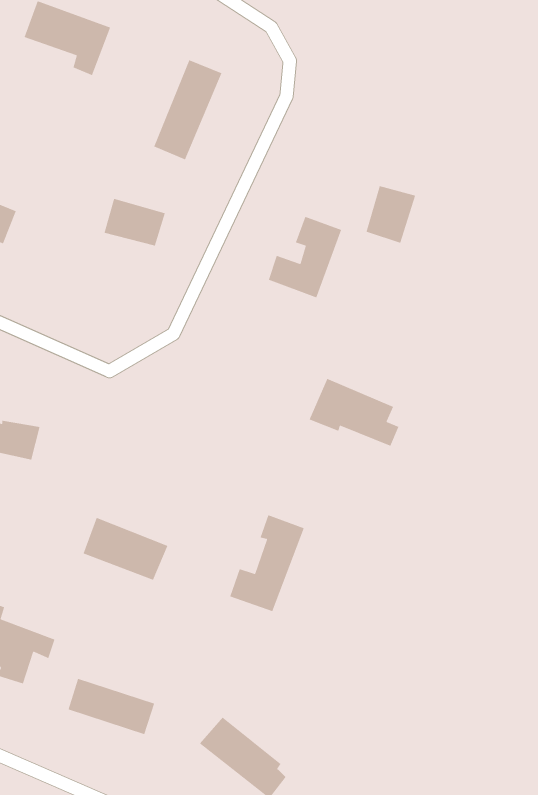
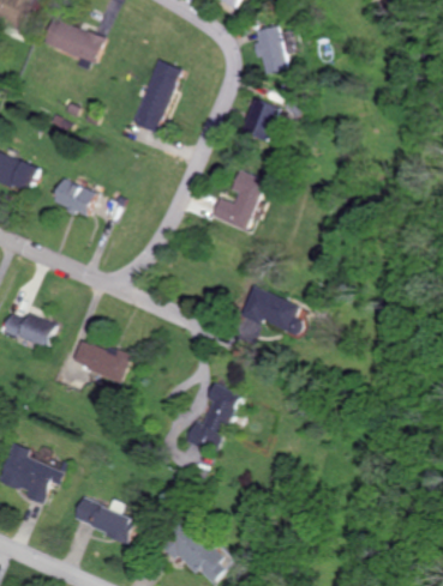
building: none -> [258,25,293,74]
building: [366,185,416,244] -> [247,98,283,140]
building: [103,198,166,247] -> [52,180,96,215]
building: [83,517,169,581] -> [71,337,132,382]

